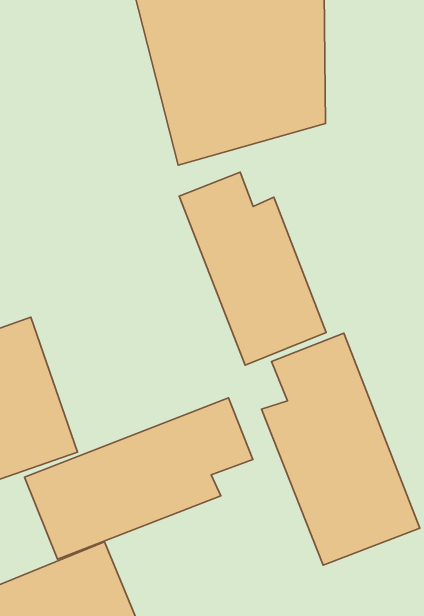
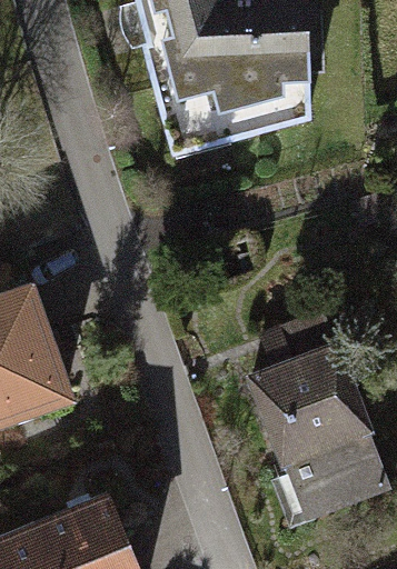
building: [179,172,326,365] -> none
building: [25,398,253,559] -> none

